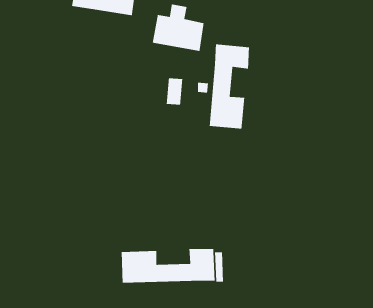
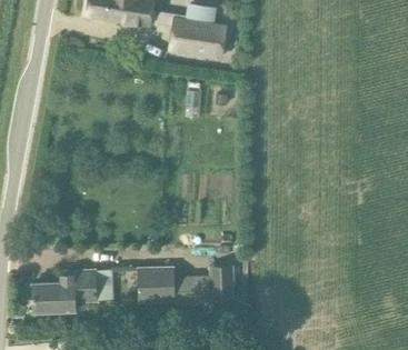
building: [209,44,250,129] -> none
building: none -> [32,269,97,310]

